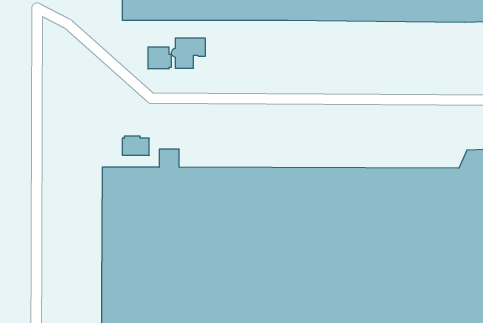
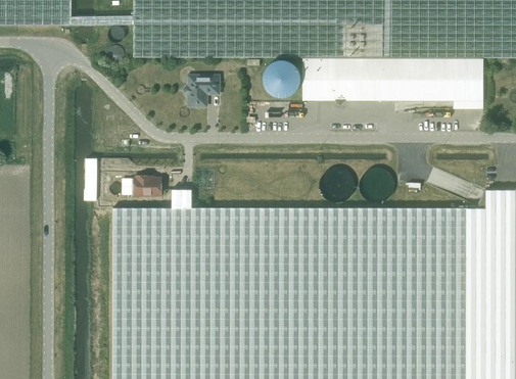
building: none -> [302,57,483,108]
building: [148,47,171,69] -> none

